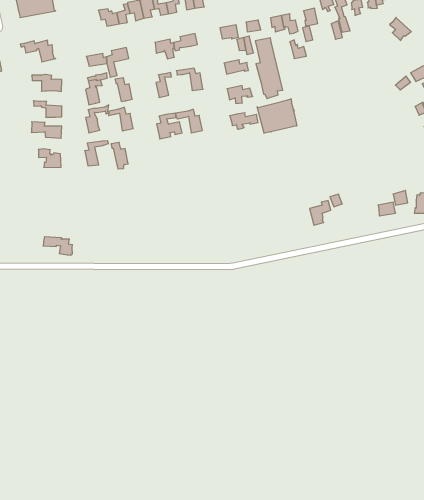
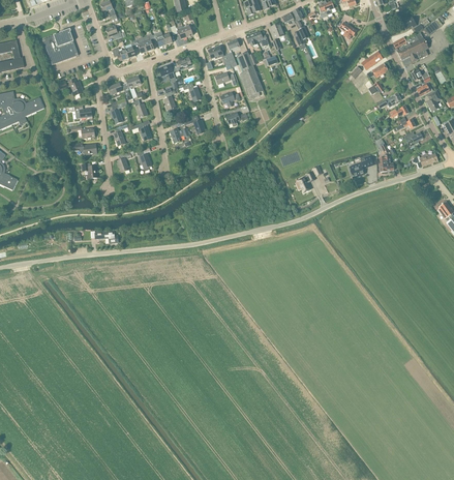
building: [257,99,297,133] -> none

